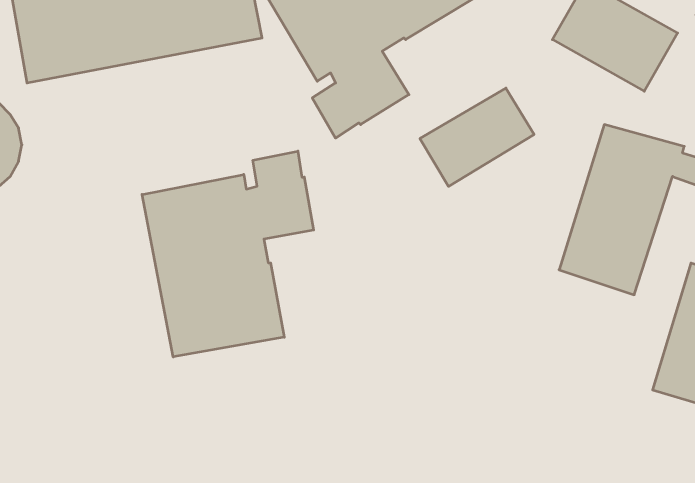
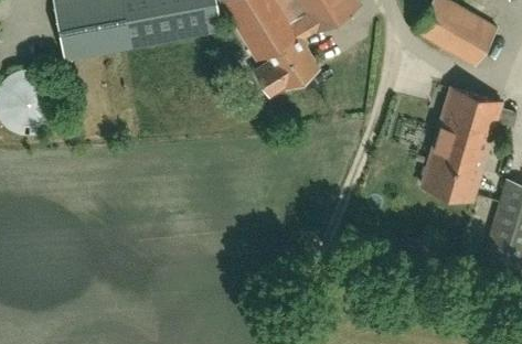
building: [420,88,534,186] -> none
building: [142,151,314,357] -> none

